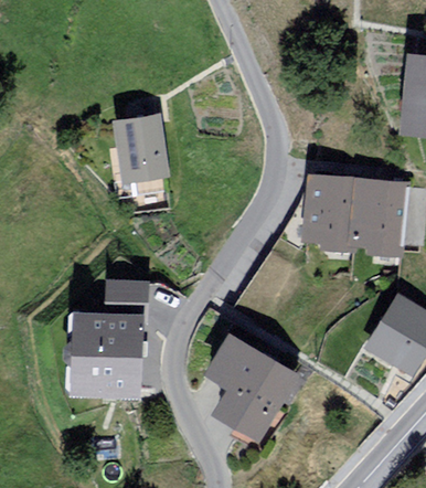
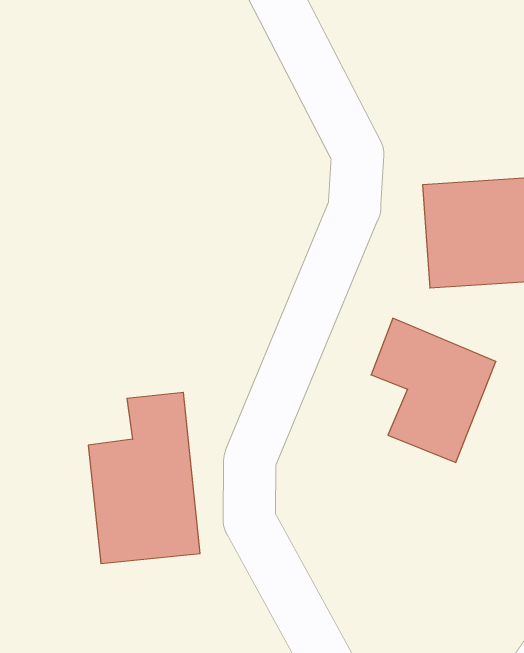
building: [117,117,162,188] -> none
building: [211,336,291,433] -> [371,318,496,462]

